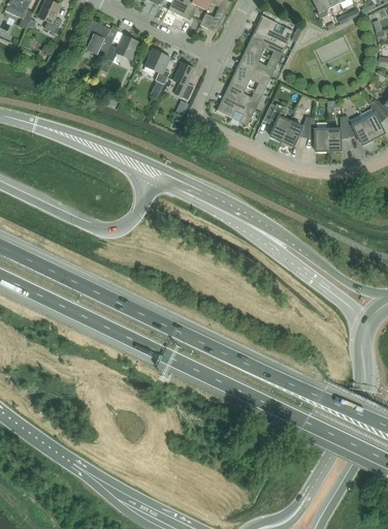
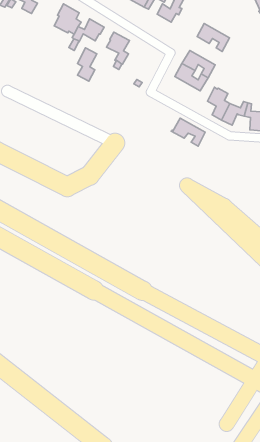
building: [255,14,293,45] -> none
building: [240,46,278,77] -> none
building: [173,61,195,99] -> [77,48,97,81]
building: [216,94,255,125] -> [171,118,205,146]

